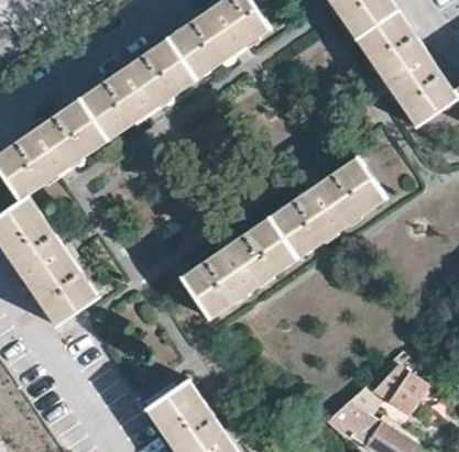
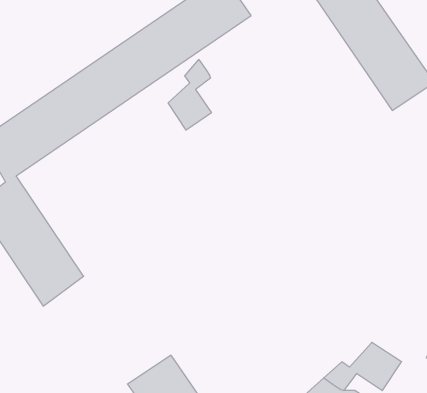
building: none -> [168,60,211,130]
building: [181,155,386,319] -> none

